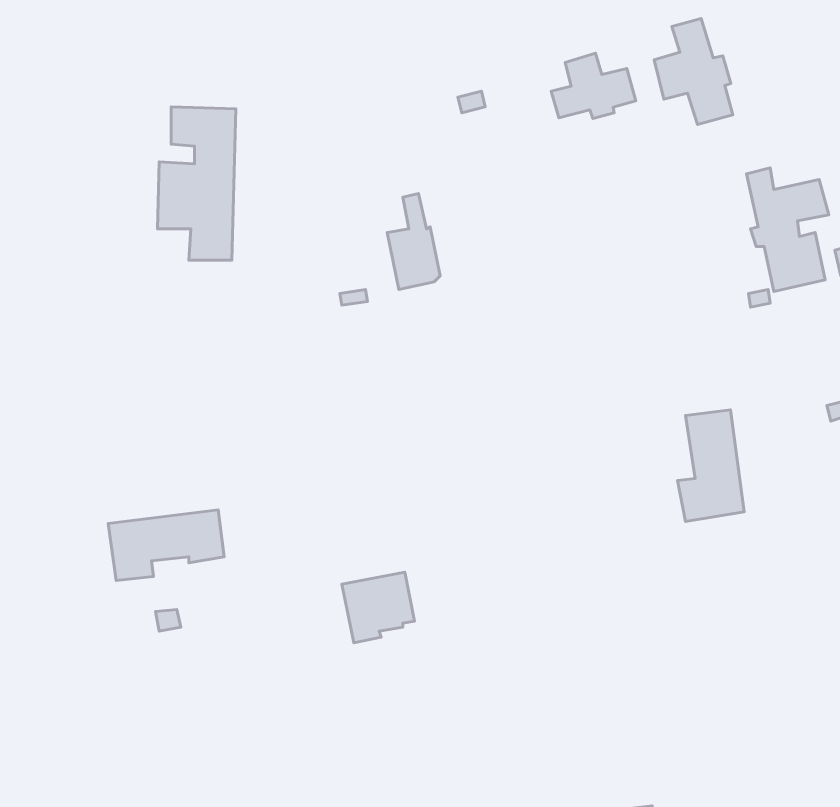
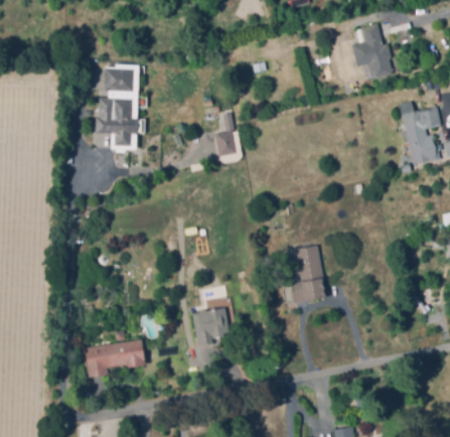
building: [551,53,636,119] -> none
building: [678,410,744,522] -> [290,246,324,303]
building: [108,510,224,580] -> [84,340,143,377]

